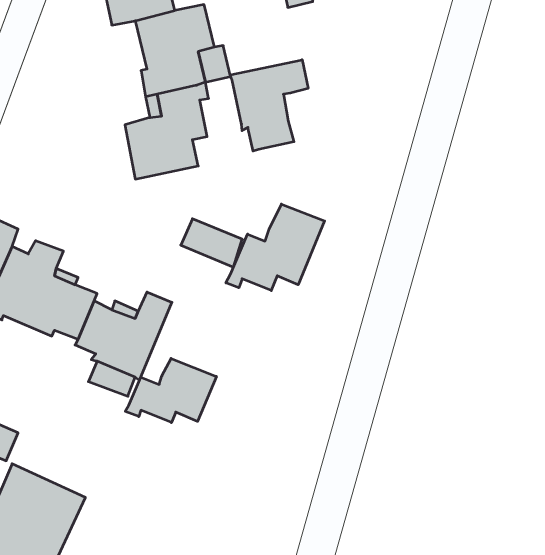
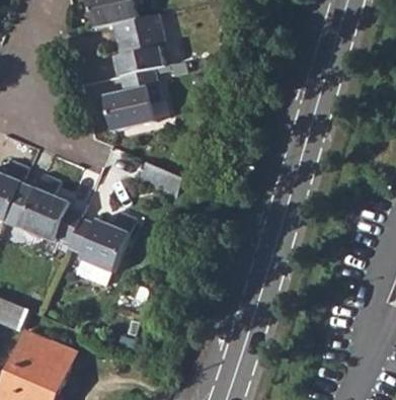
building: [230,60,308,151] -> none
building: [226,204,325,291] -> none
building: [125,358,216,423] -> none

